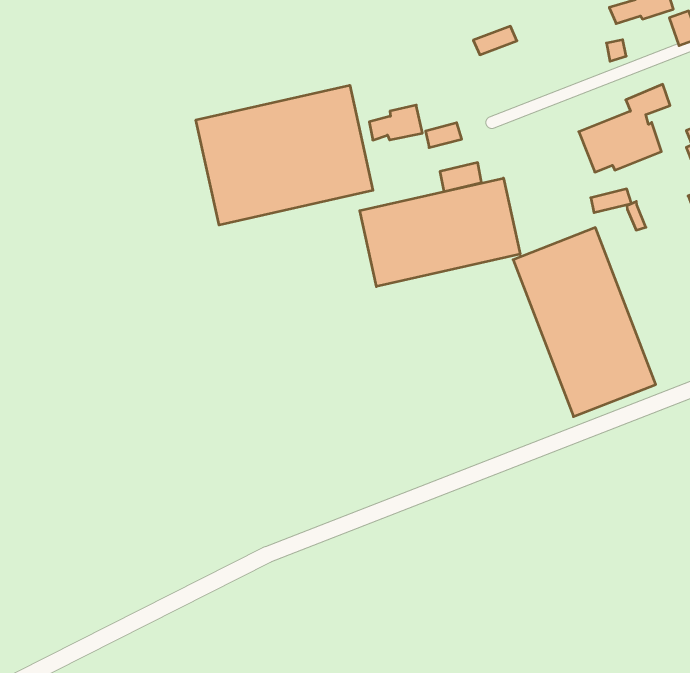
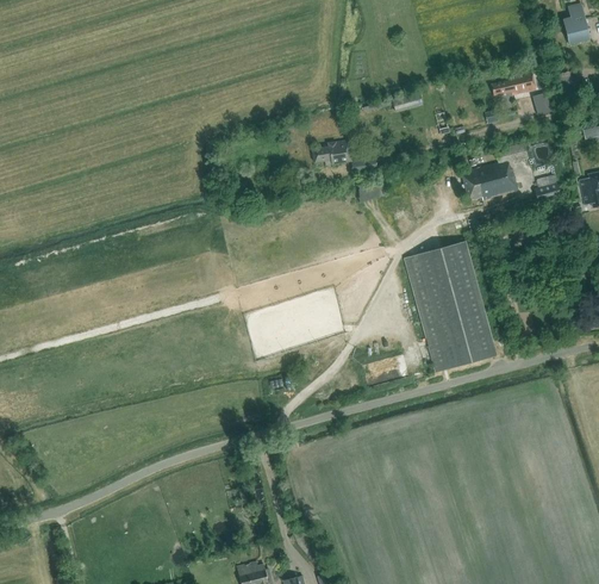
building: [196,85,373,225] -> none
building: [360,178,520,287] -> none

